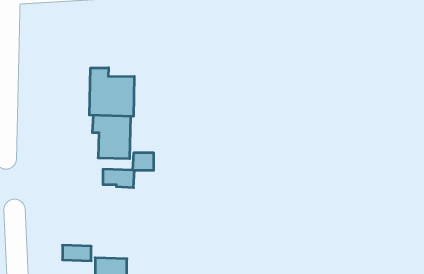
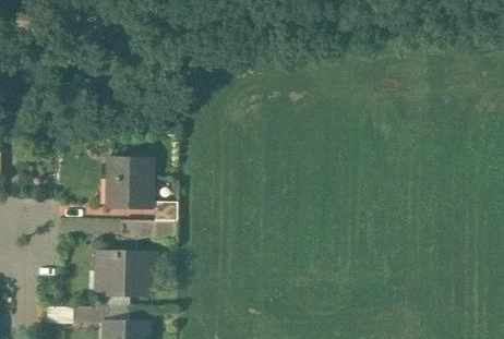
building: [89,68,134,116] -> none
building: none -> [96,251,155,293]

